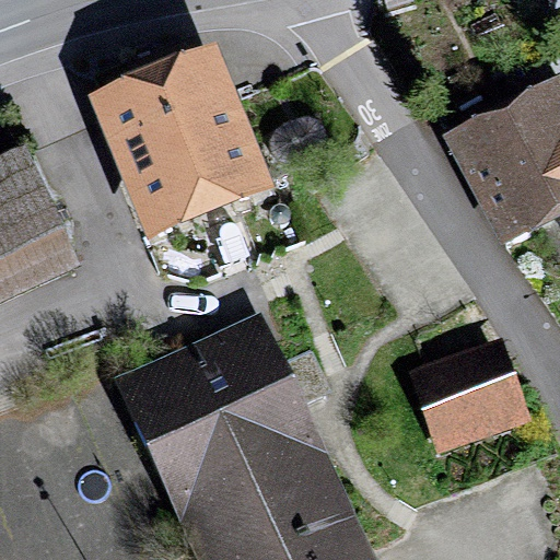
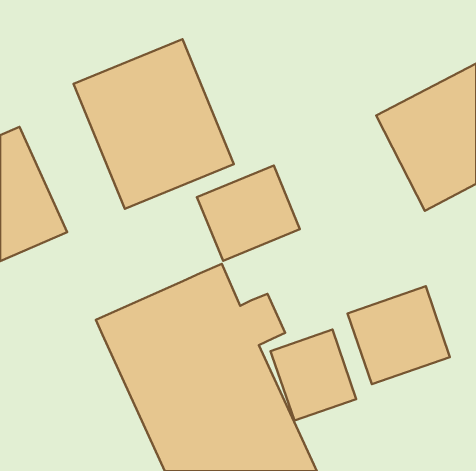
building: none -> [197,165,300,261]
building: none -> [271,330,356,421]

